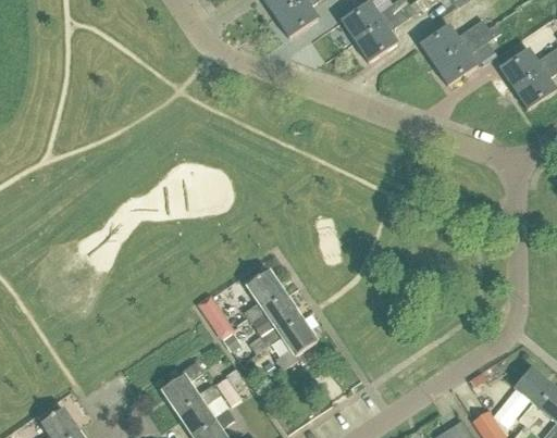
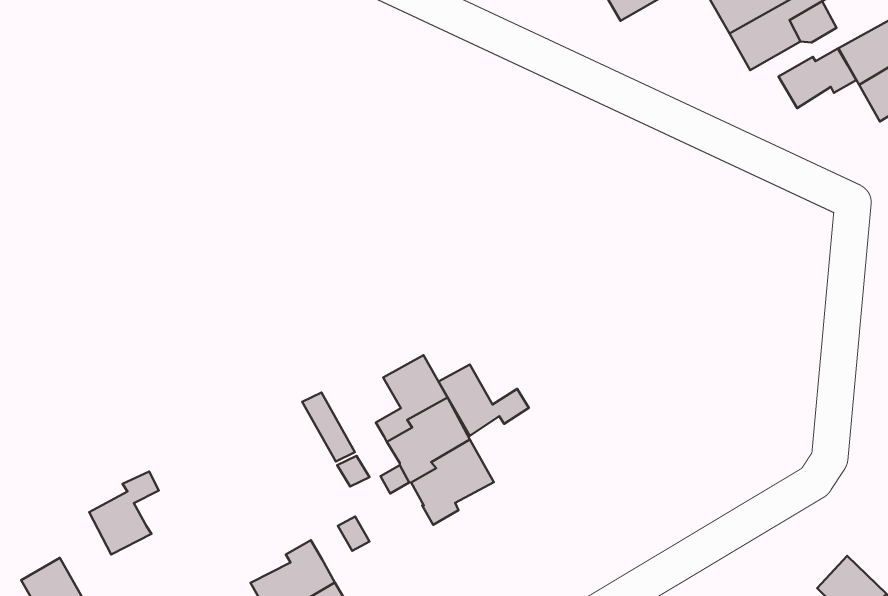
building: none -> [779,49,856,108]
building: none -> [439,364,529,436]
building: [162,362,202,413] -> [89,471,159,554]

